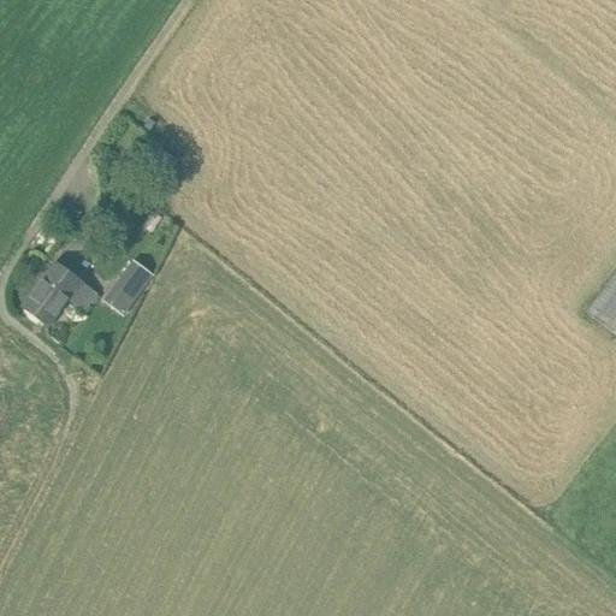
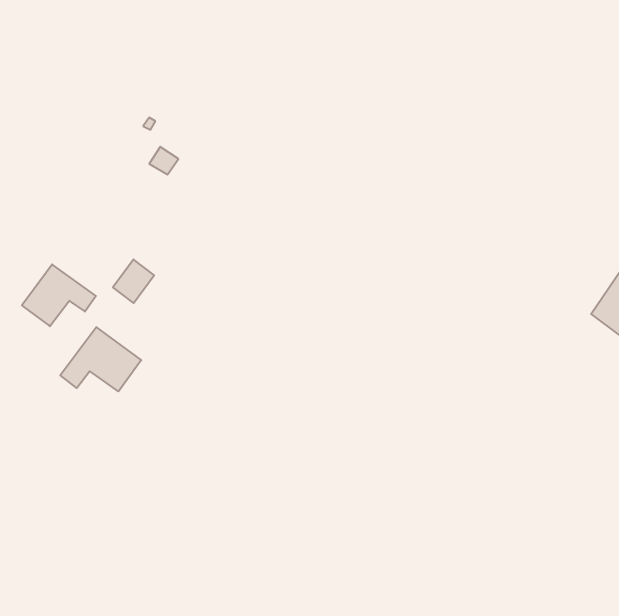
building: none -> [60,327,141,391]

